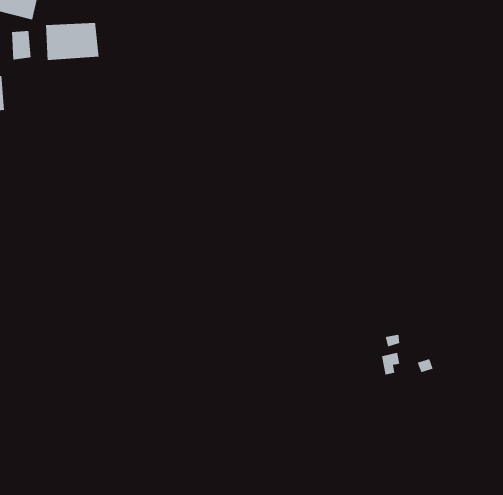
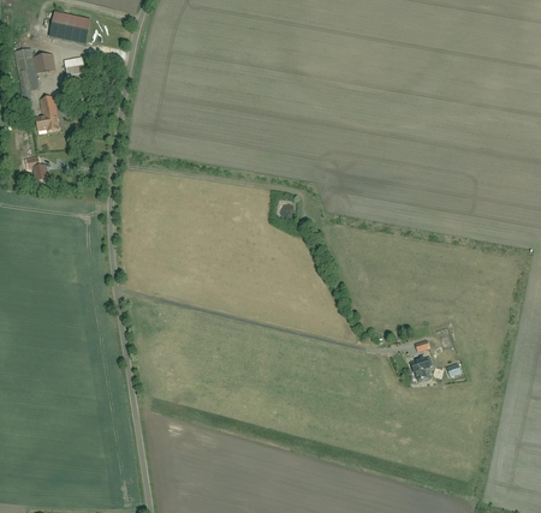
building: [46,22,99,61] -> none

